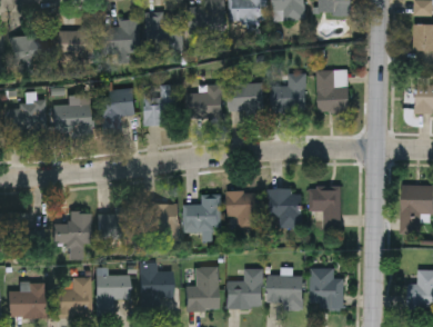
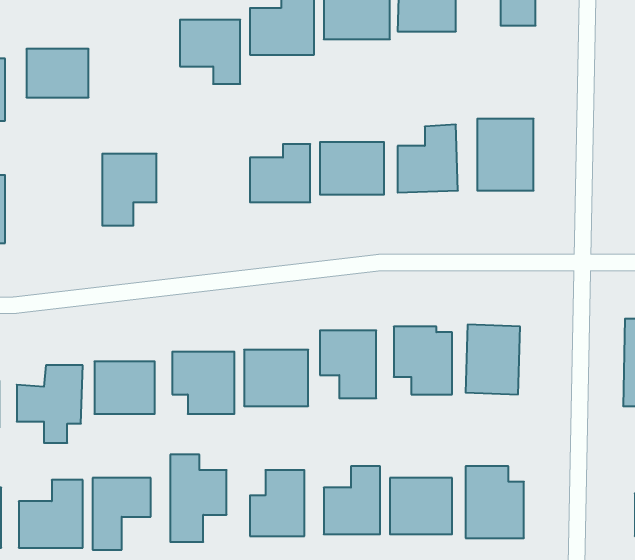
building: [105,20,139,63] -> none
building: [143,86,178,125] -> none
building: [54,103,90,131] -> none

